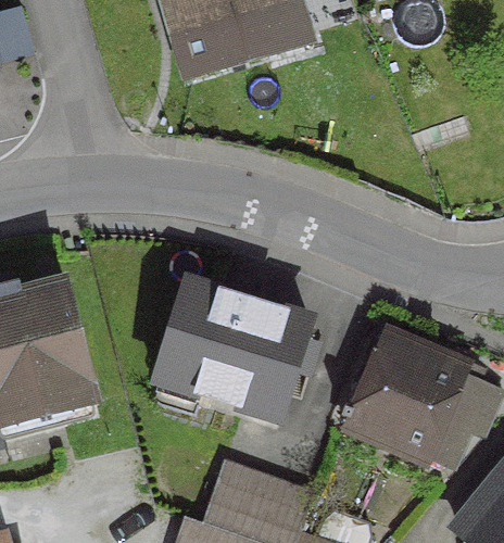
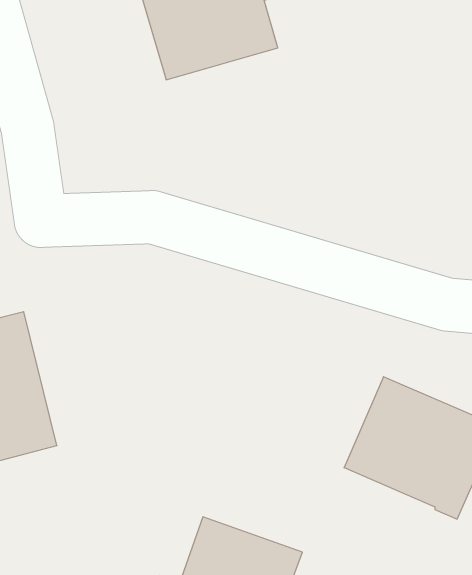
building: [154,285,308,416] -> none

